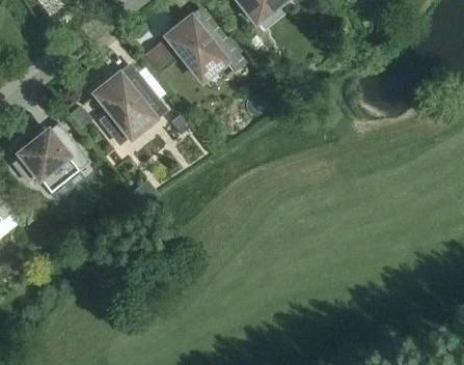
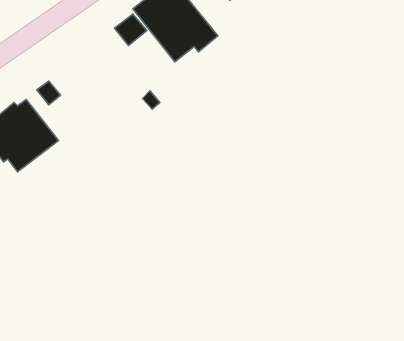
building: [90,68,165,143] -> none

